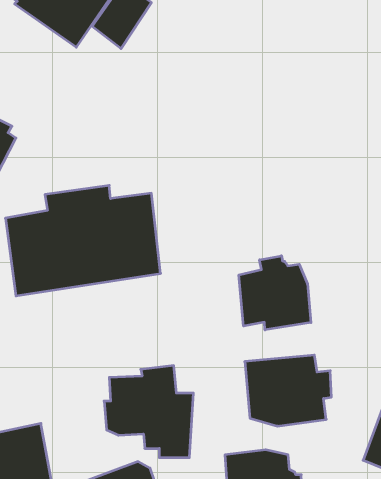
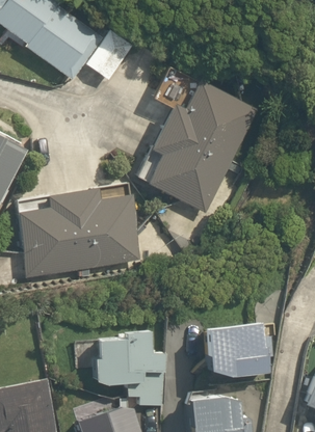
building: none -> [150,78,255,212]
building: [239,256,311,330] -> none

